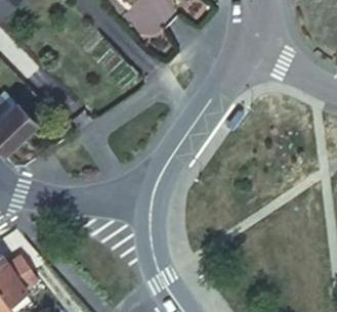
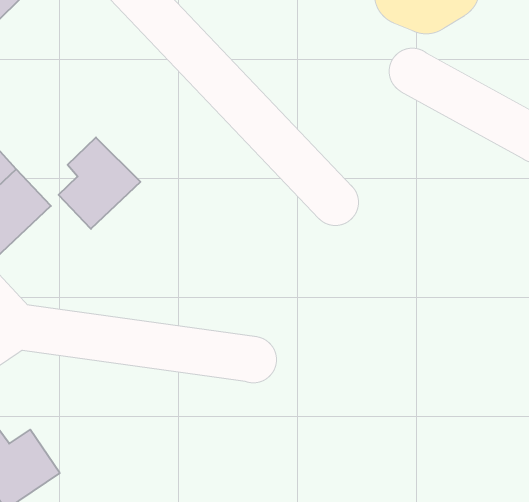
building: none -> [59,137,140,229]

